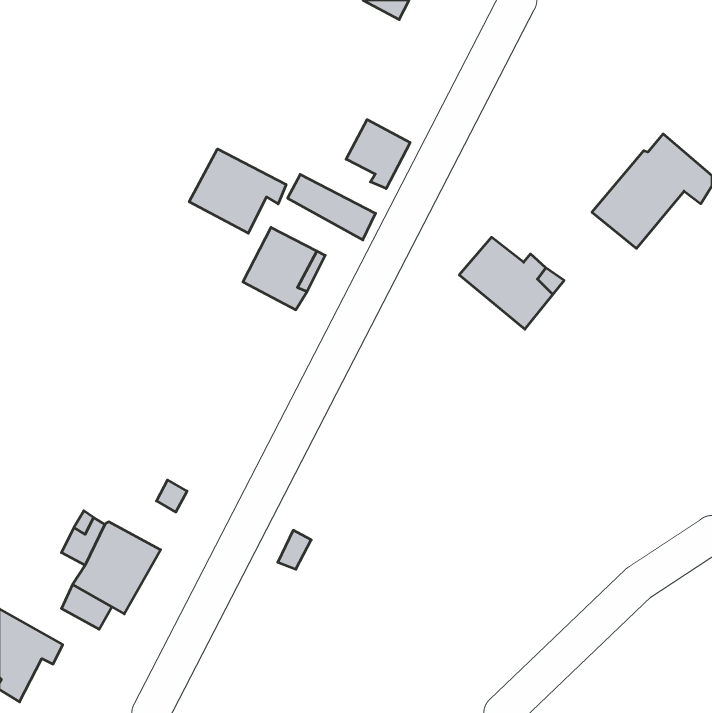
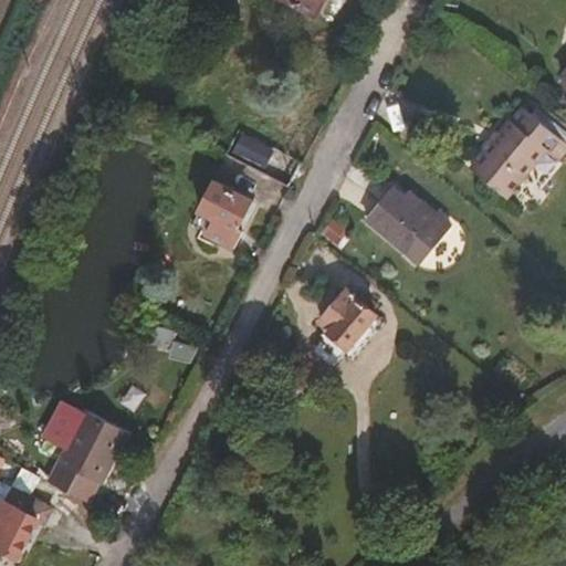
building: [346,120,410,189] -> none
building: [189,149,286,233] -> none
building: none -> [322,290,375,346]

